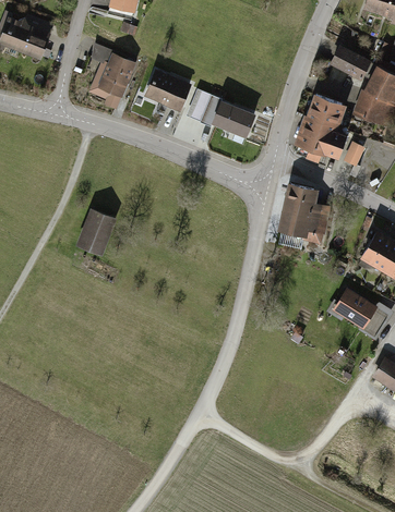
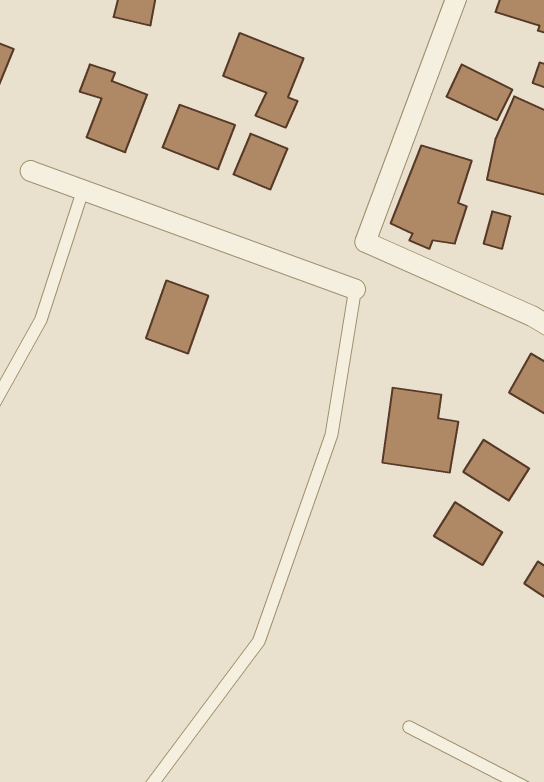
building: none -> [223,33,303,128]
building: [216,100,256,138] -> none
building: [276,185,325,240] -> [382,388,458,472]
building: [75,210,116,257] -> [146,281,208,353]
building: none -> [434,502,502,565]

